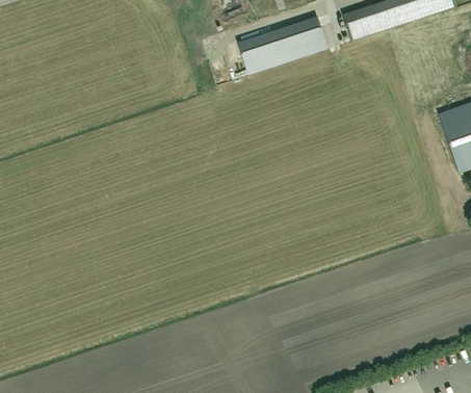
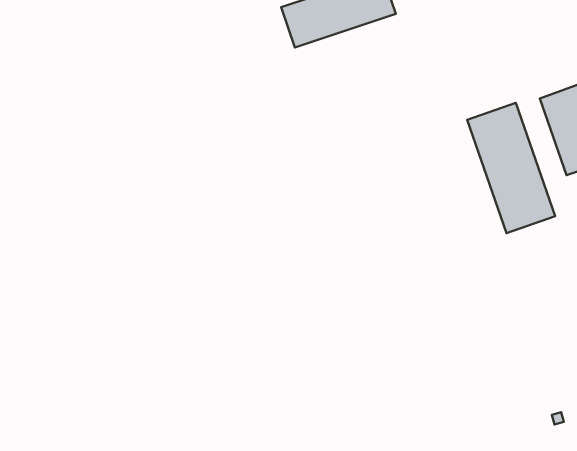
building: none -> [467,103,555,233]

